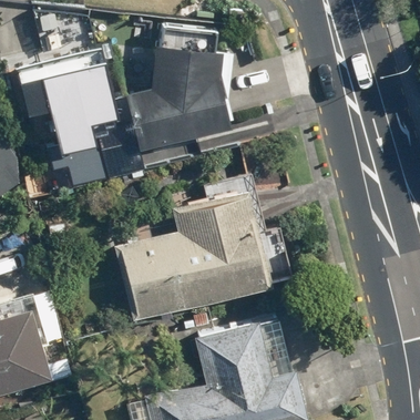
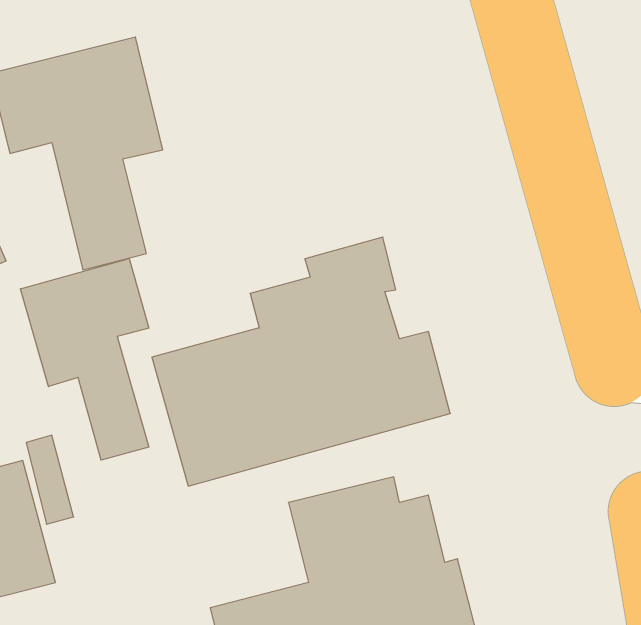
building: [125,45,233,154] -> none
building: none -> [20,258,149,460]

